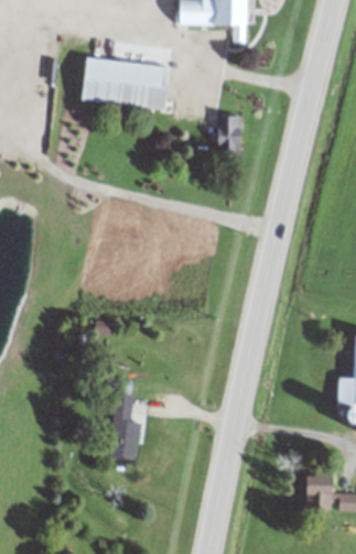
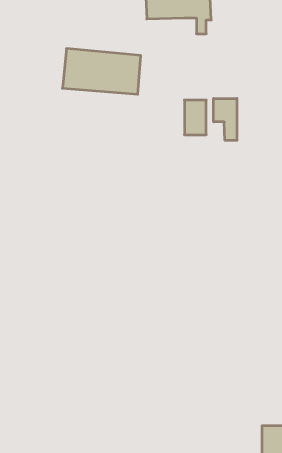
building: none -> [214,98,237,140]
building: [107,392,140,459] -> none

